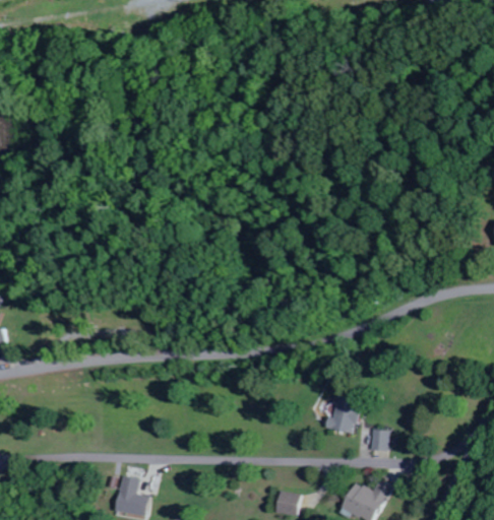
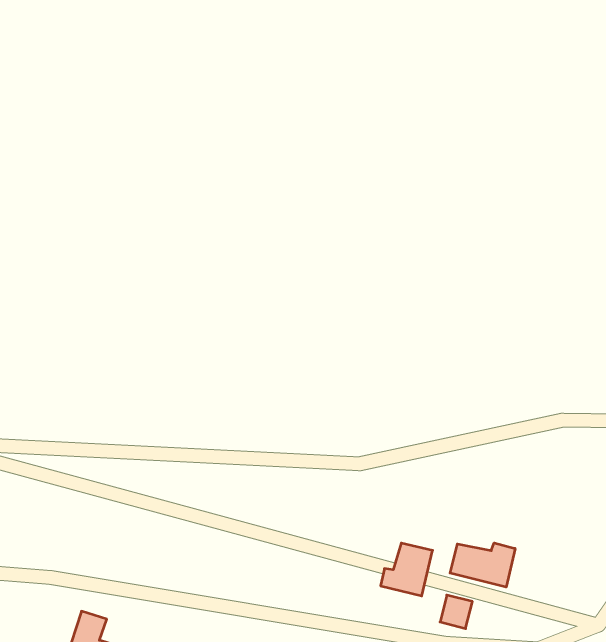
building: none -> [450,543,515,587]

